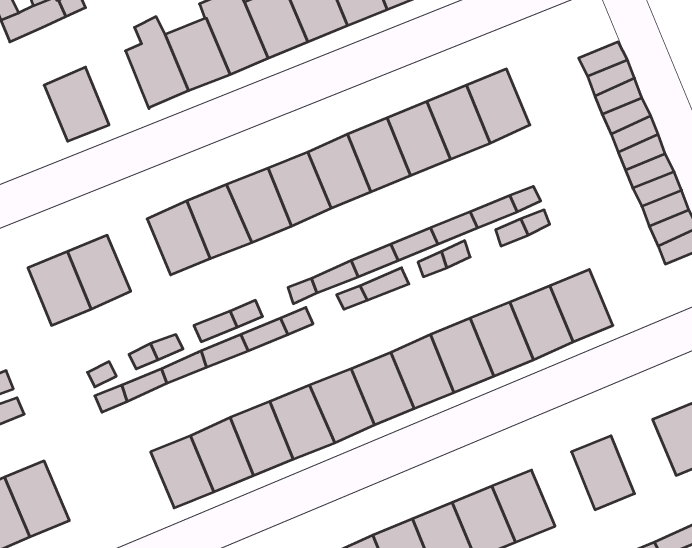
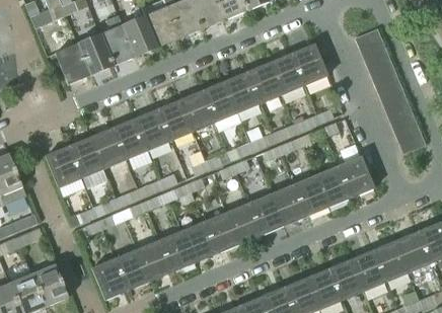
building: none -> [78,33,114,75]
building: none -> [90,128,126,168]
building: none -> [373,240,410,282]
building: none -> [92,258,128,300]
building: none -> [328,258,364,300]

